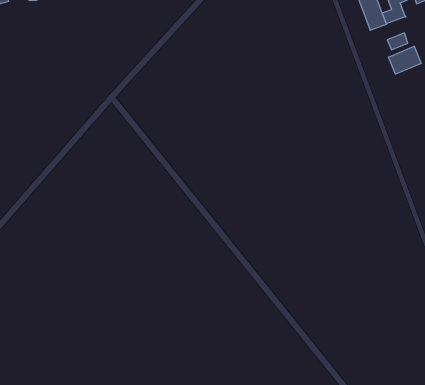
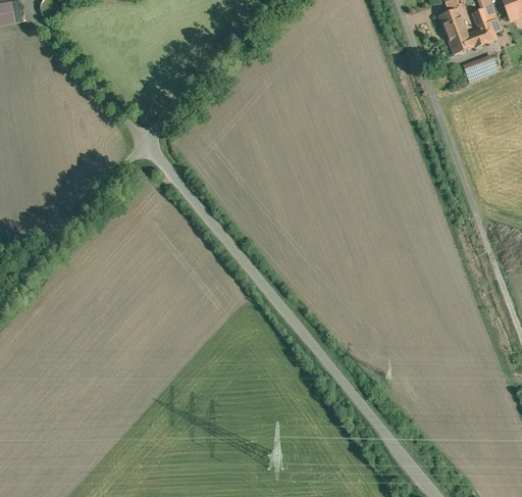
building: [388,46,421,74] -> none

